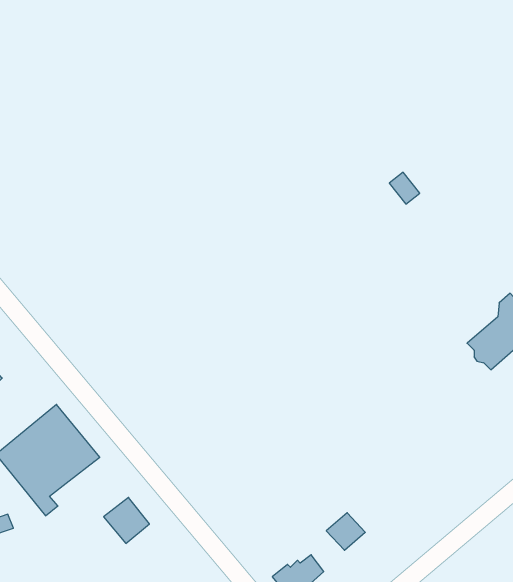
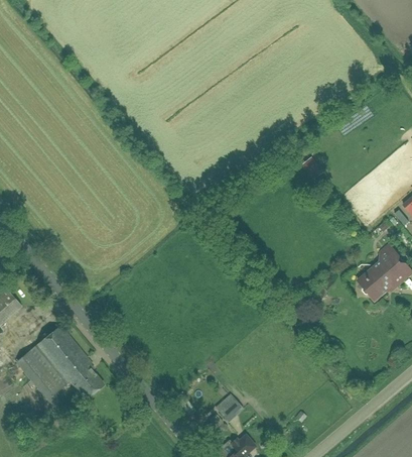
building: [104,497,149,543] -> [70,366,103,399]
building: [326,513,365,550] -> [215,394,243,422]

